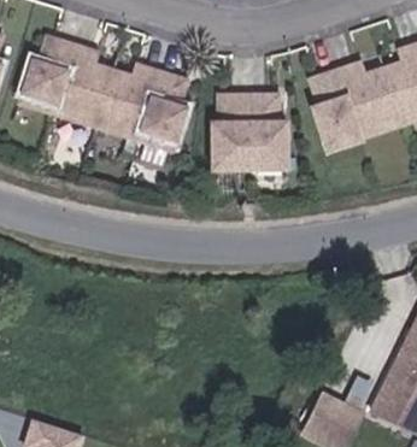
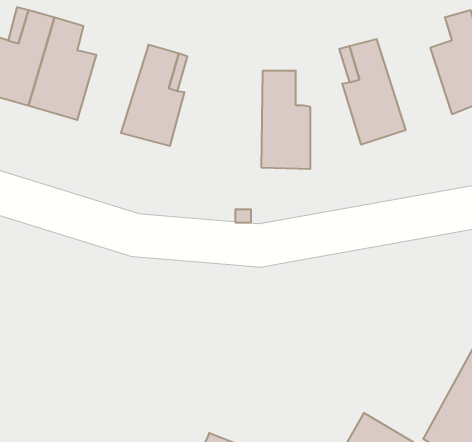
building: [336,65,399,147] -> none
building: [87,70,146,149] -> none
building: [200,98,241,178] -> none

